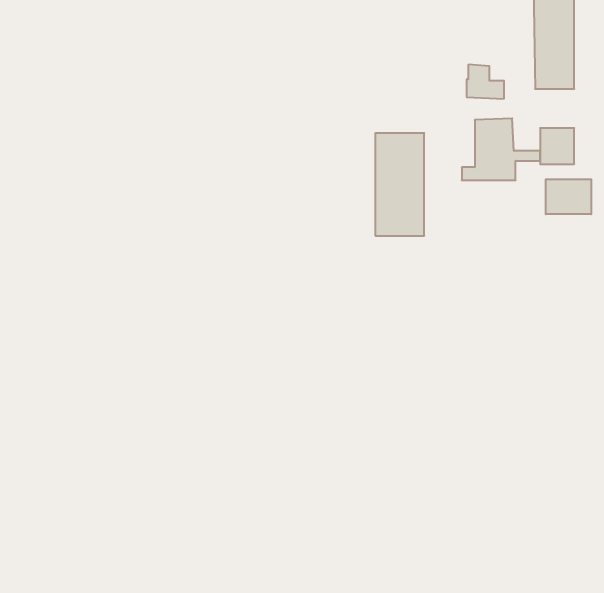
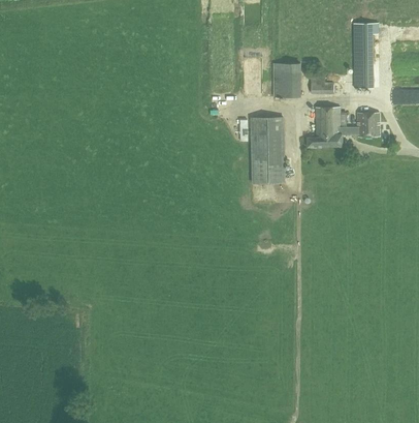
building: none -> [272,63,300,97]
building: [546,179,591,214] -> none

